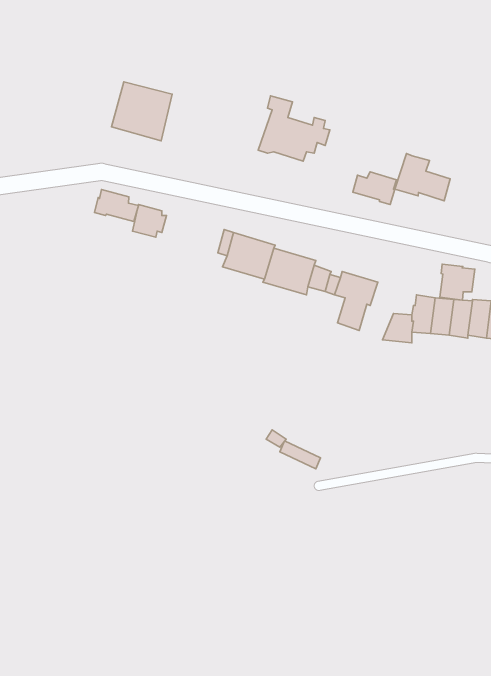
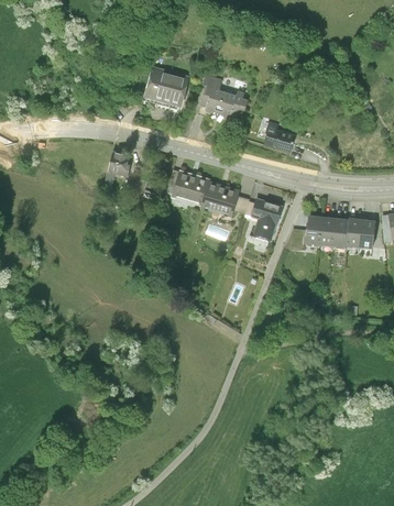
building: [111,82,172,141] -> [144,67,187,109]
building: [395,154,450,201] -> none
building: [94,189,138,222] -> none
building: [440,264,475,300] -> none

